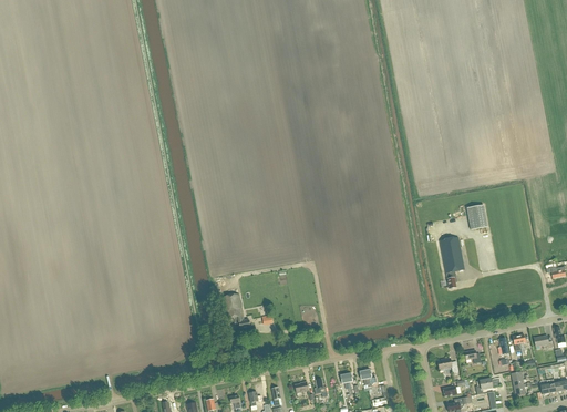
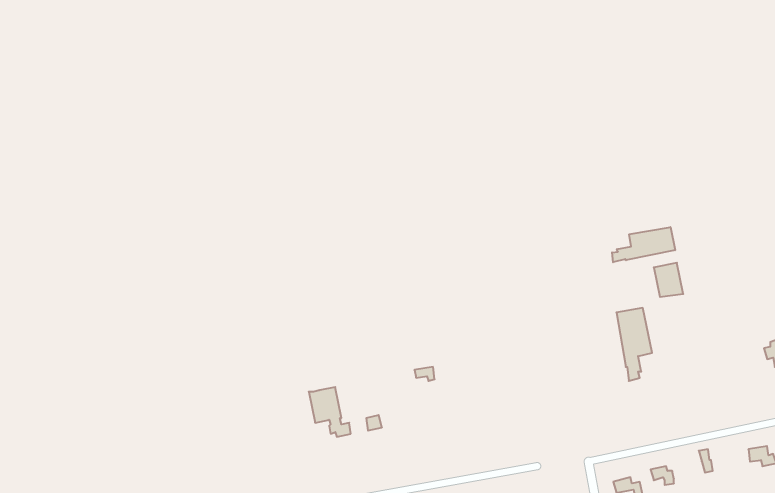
building: none -> [612,227,675,262]

